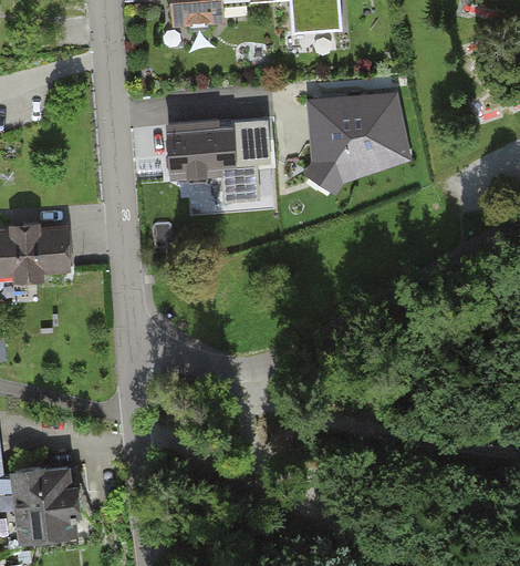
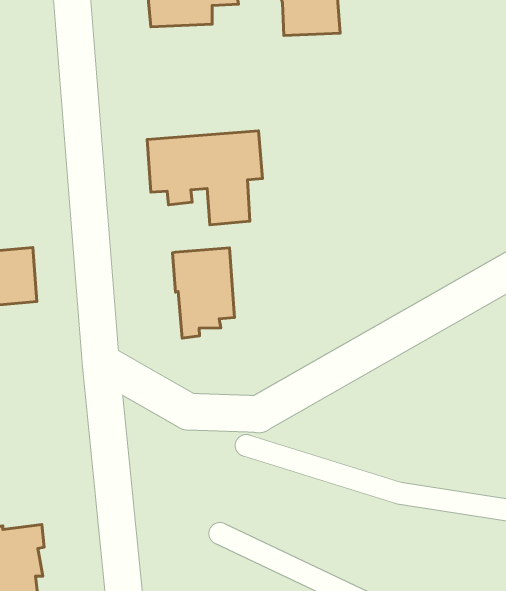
building: [302,91,409,197] -> none
building: none -> [173,248,235,338]

